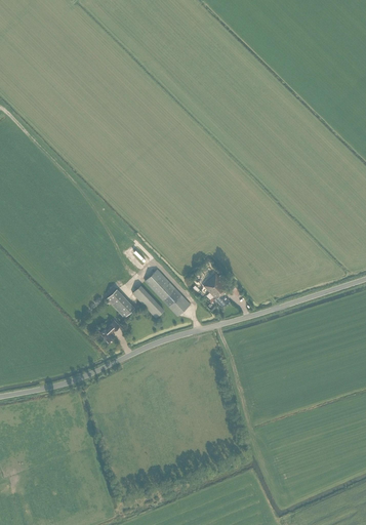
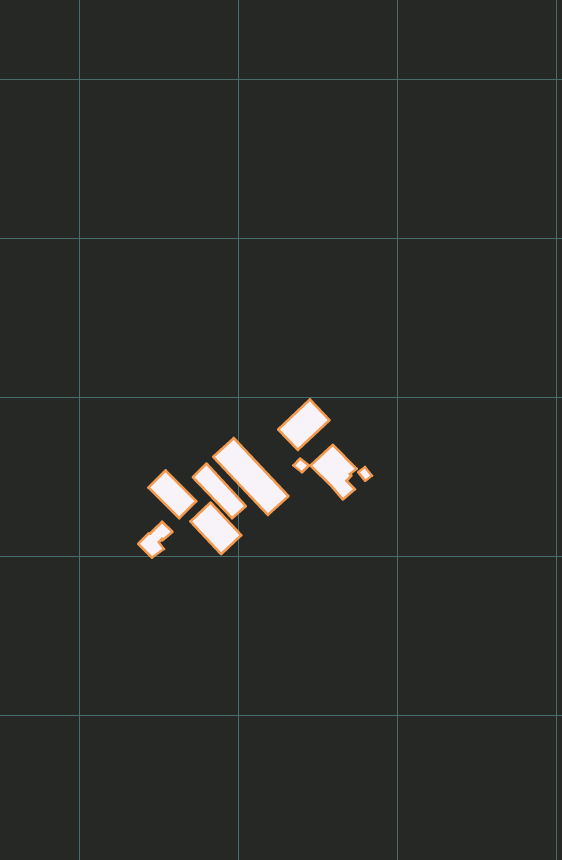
building: none -> [278,399,329,450]
building: none -> [190,503,241,554]

